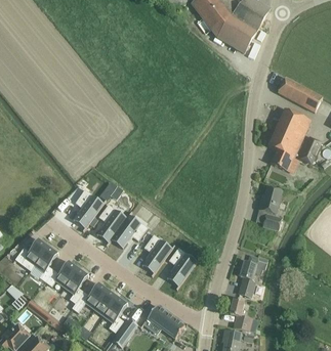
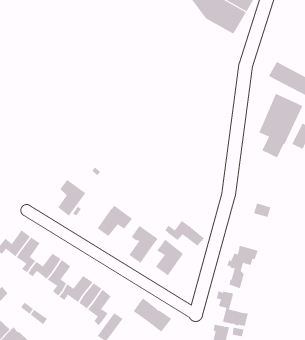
building: [259,186,283,214] -> none
building: [98,206,127,242] -> none
building: none -> [164,220,205,246]

